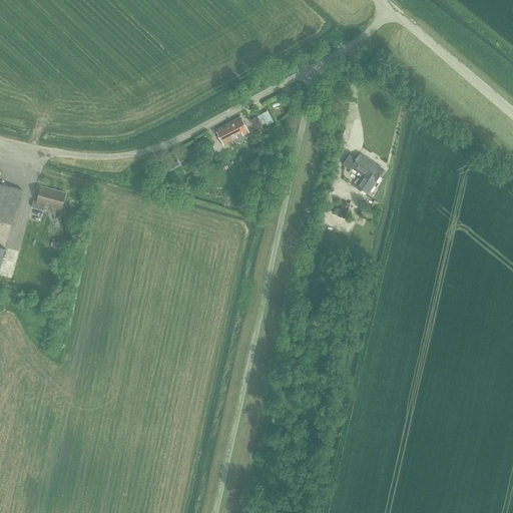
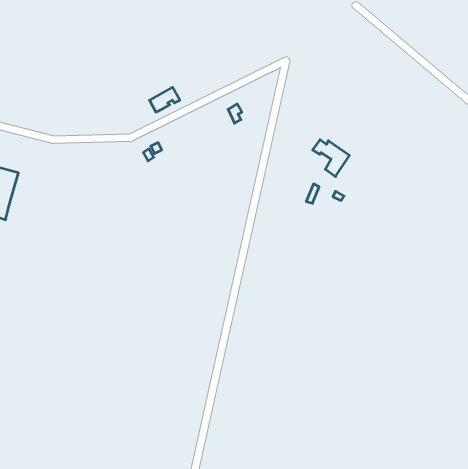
building: [214,117,247,144] -> [149,87,180,112]
building: [30,185,63,209] -> none

